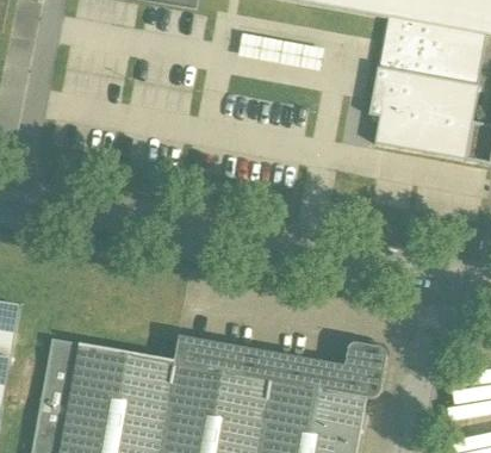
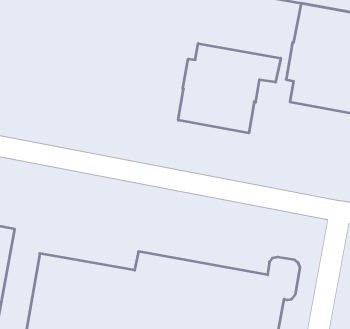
building: none -> [178,43,281,133]

